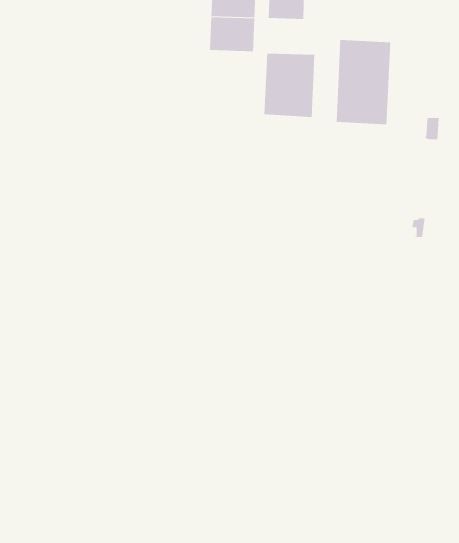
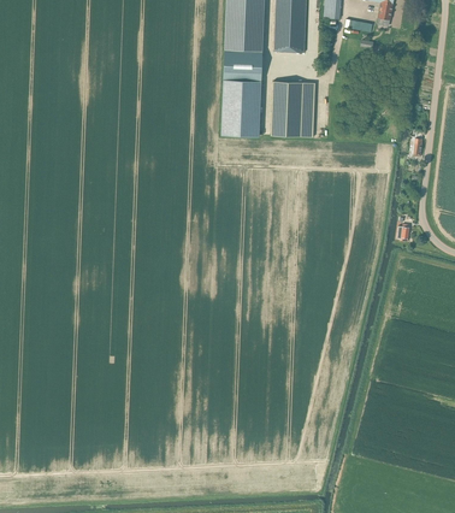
building: [336,39,391,125] -> none
building: none -> [220,79,261,137]

